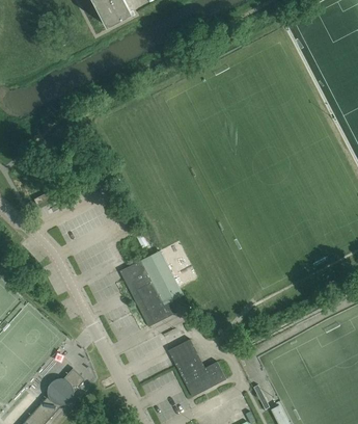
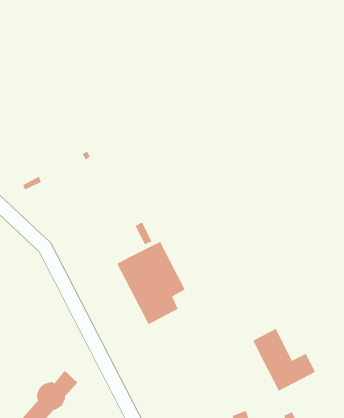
building: [168,339,226,397] -> [252,328,316,392]

